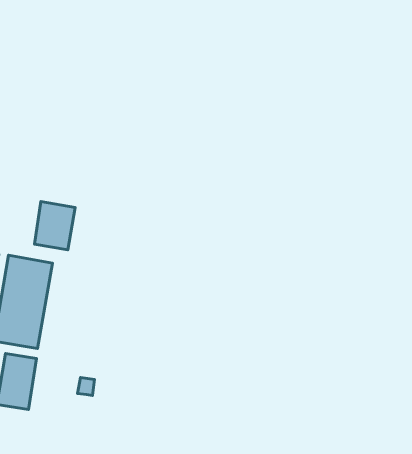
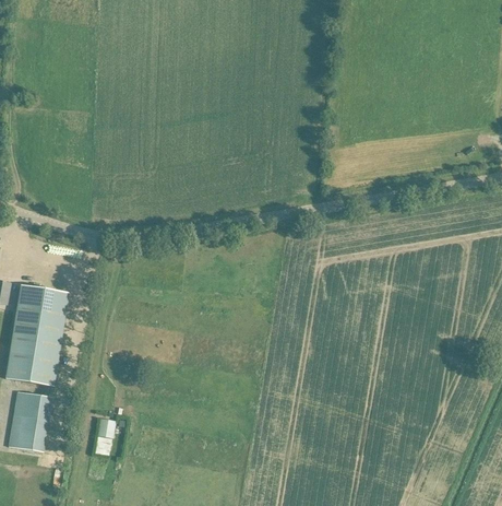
building: [35,201,75,250] -> none

